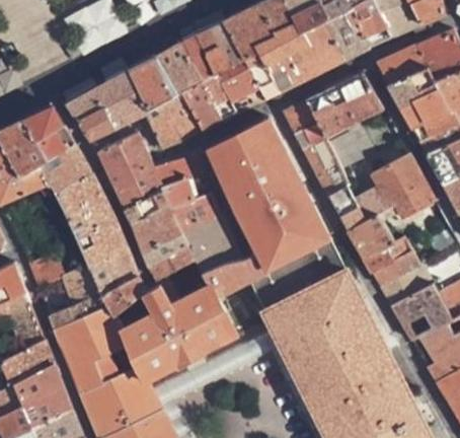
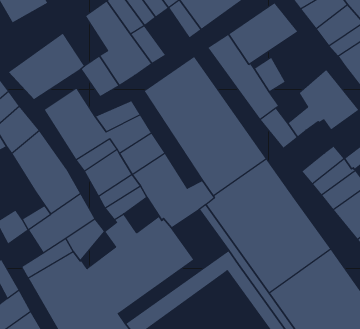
building: [132,58,176,111] -> none
building: [220,62,265,112] -> none
building: [349,214,392,258] -> none

